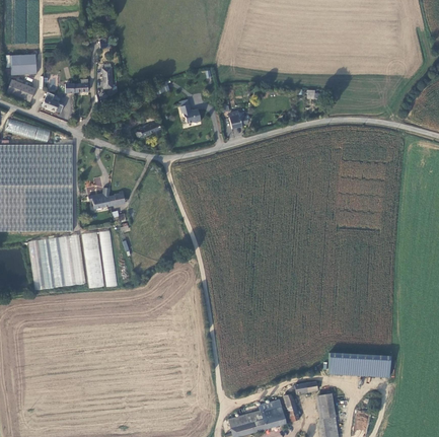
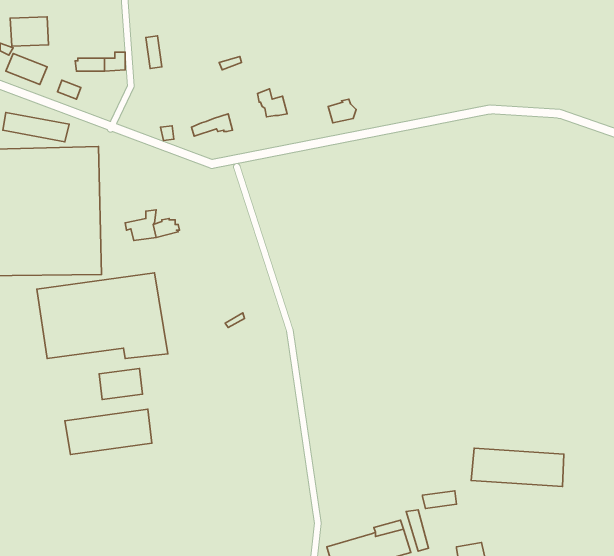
building: none -> [99,368,143,400]
building: none -> [65,409,152,455]
building: [313,394,335,419] -> none

